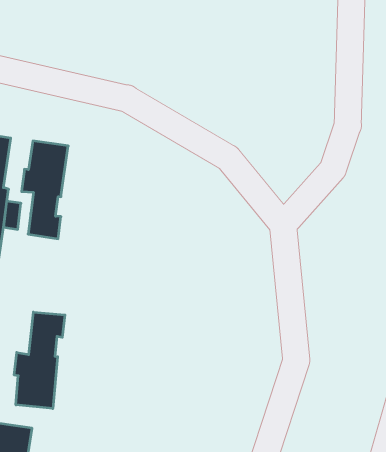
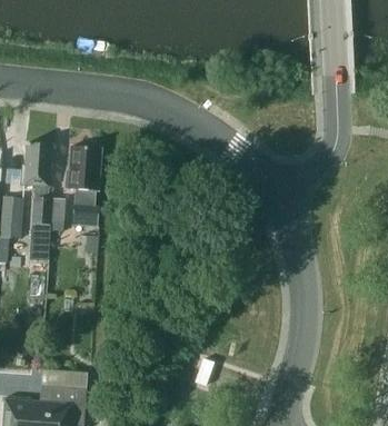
building: [14,312,65,409] -> none

